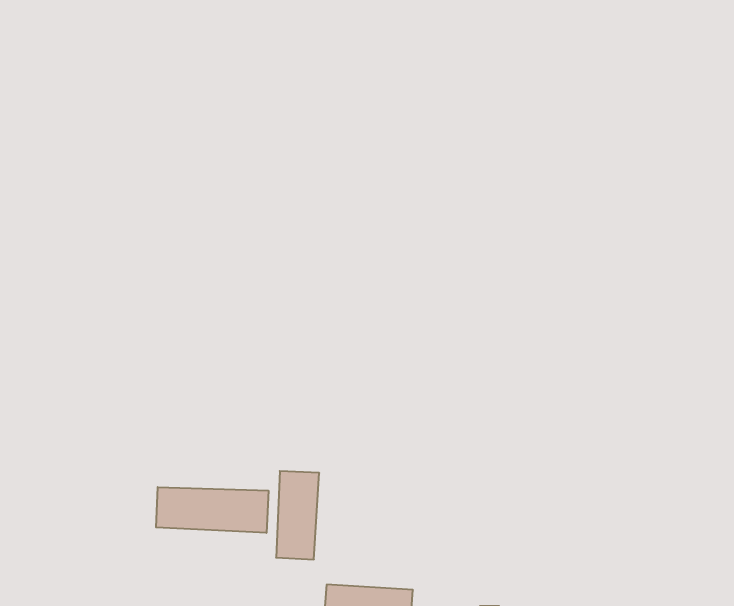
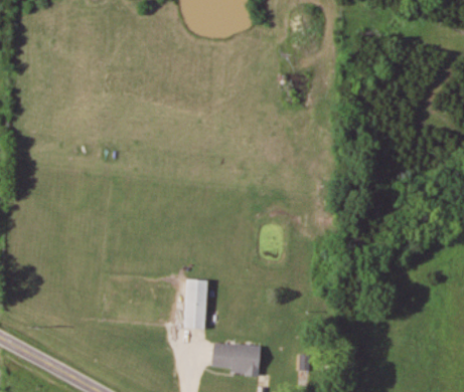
building: [156,487,268,533] -> none

